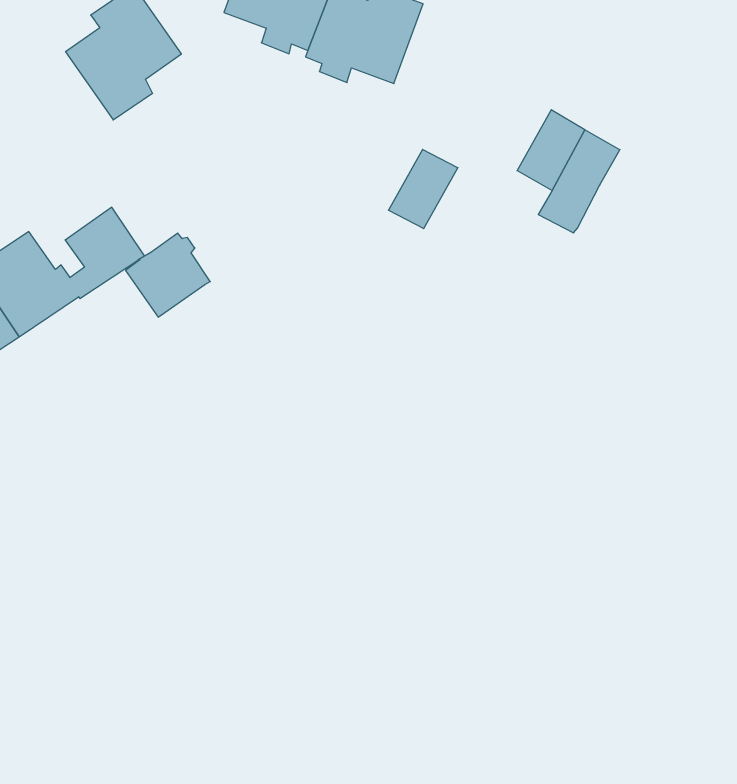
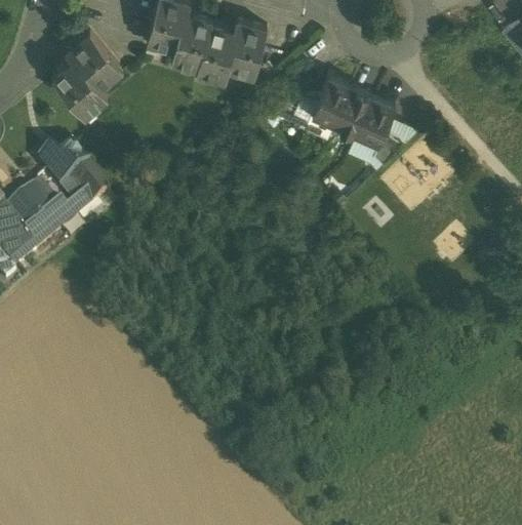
building: [388,149,458,229] -> [309,73,349,121]
building: none -> [371,125,402,161]
building: [126,233,210,317] -> [37,136,89,189]

